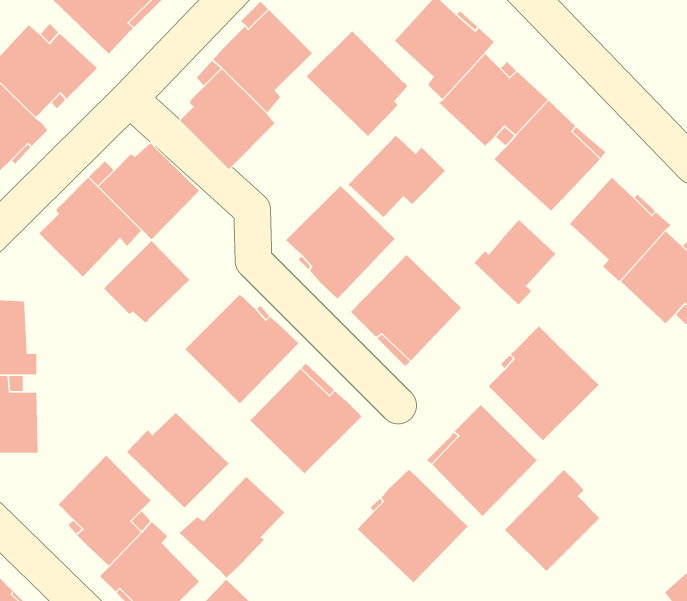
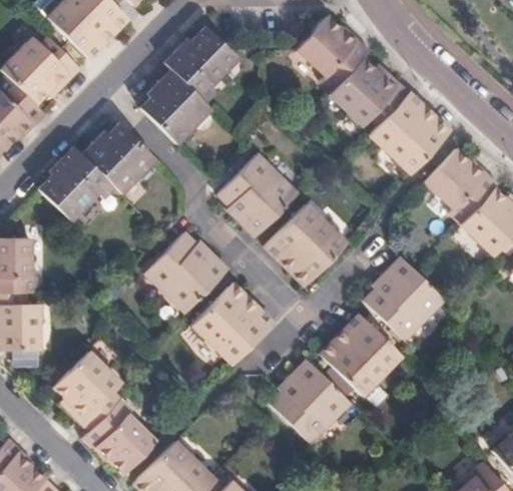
building: [306,30,408,137] -> none
building: [348,135,446,218] -> none
building: [473,219,556,305] -> none
building: [103,240,190,323] -> none
building: [126,412,230,508] -> none
building: [504,469,600,572] -> none
building: [179,476,285,579] -> none

